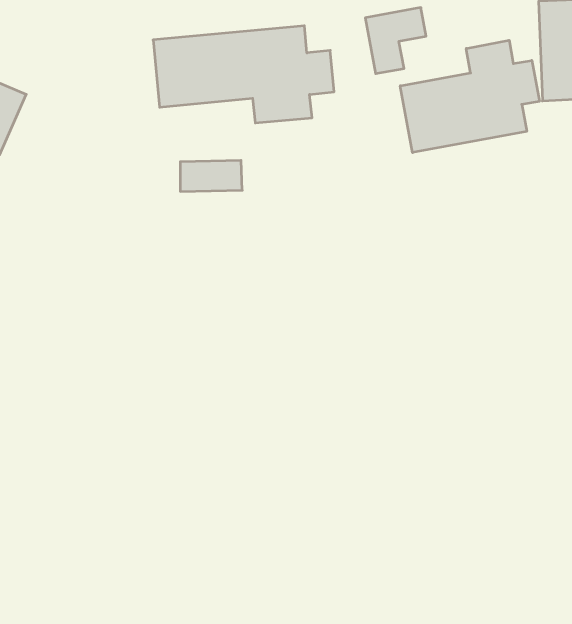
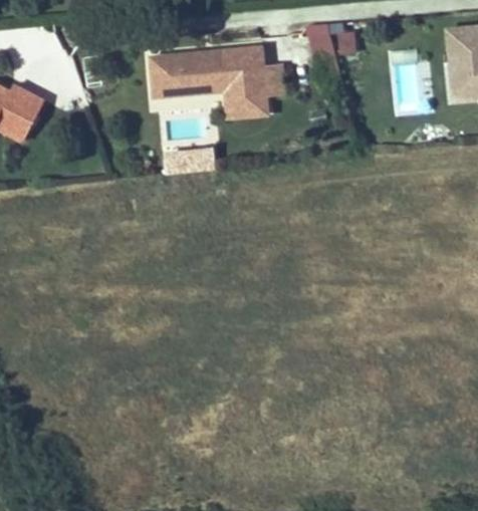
building: [400,40,539,153] -> none

